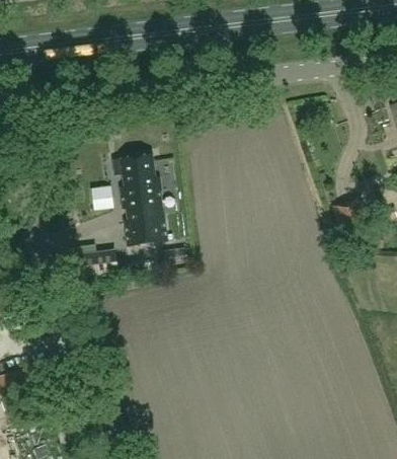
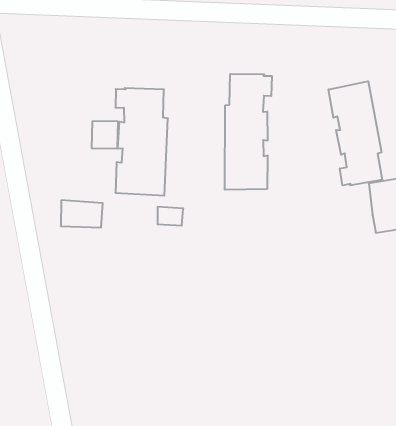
building: none -> [328,81,382,185]
building: none -> [225,74,272,190]

